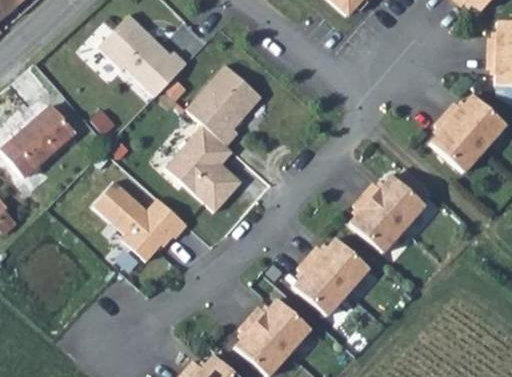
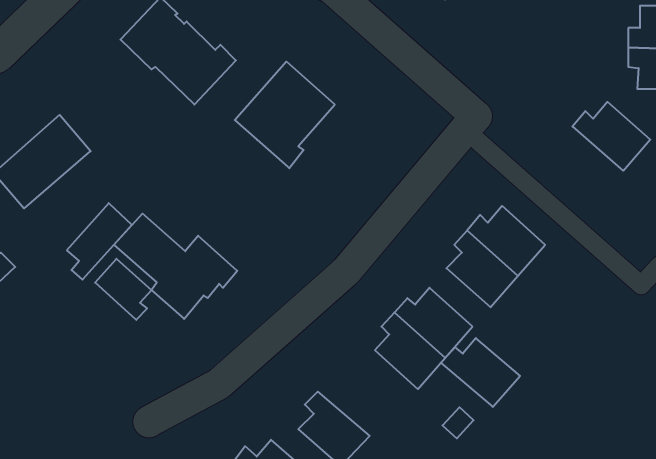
building: [430,114,485,173] -> none
building: [166,124,243,212] -> none
building: none -> [67,203,132,280]
building: none -> [95,259,152,320]
building: [250,299,311,352] -> [441,338,520,407]

